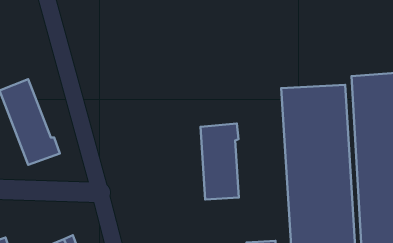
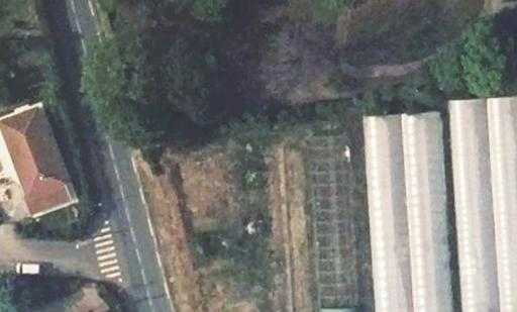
building: [201,124,239,200] -> none

